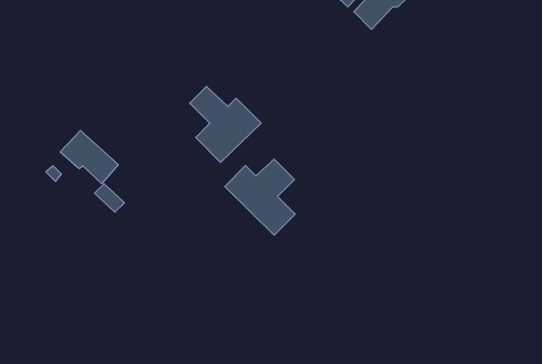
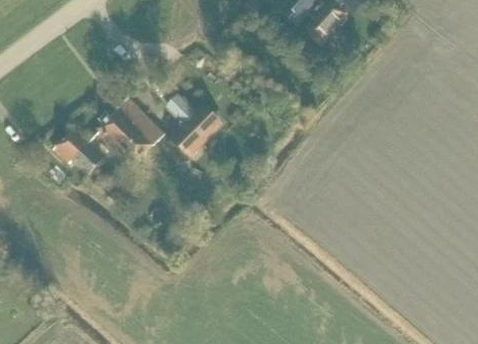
building: none -> [98,98,166,163]
building: [225,159,295,235] -> none

